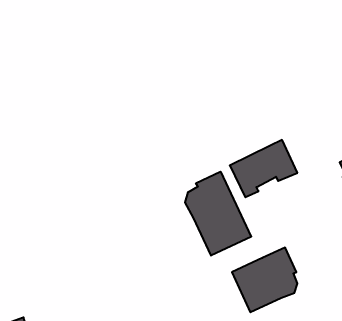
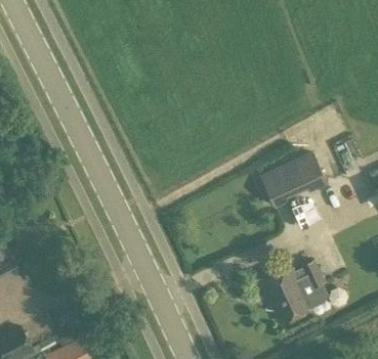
building: [185,172,251,256] -> none

